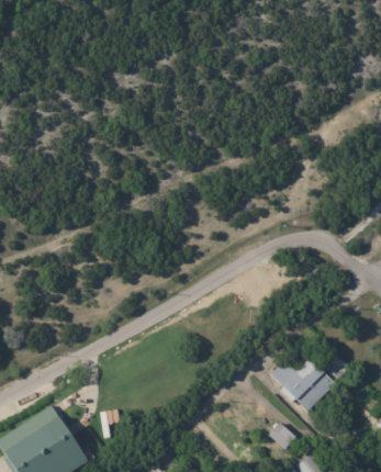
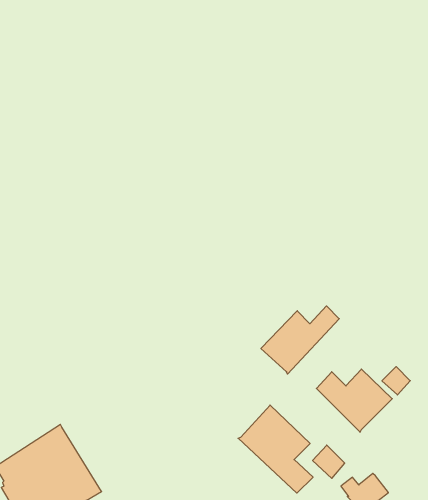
building: none -> [261,306,339,374]
building: none -> [238,405,313,493]

